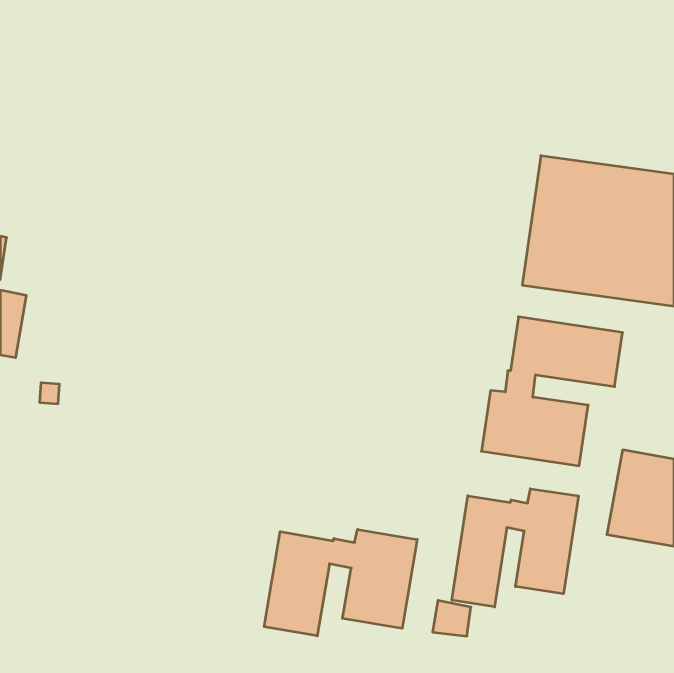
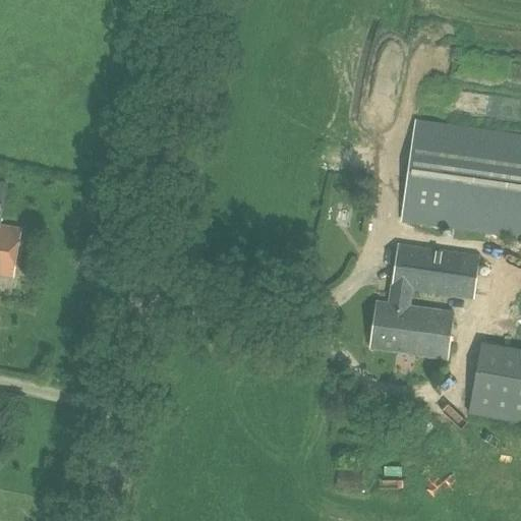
building: [452,489,578,607] -> none
building: [264,529,417,636] -> none

